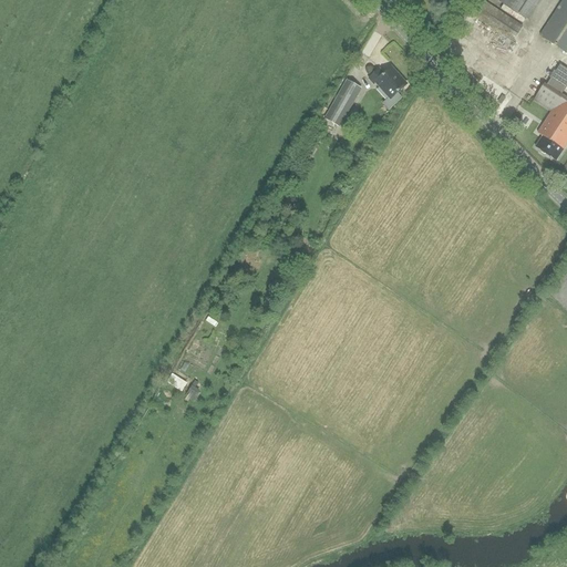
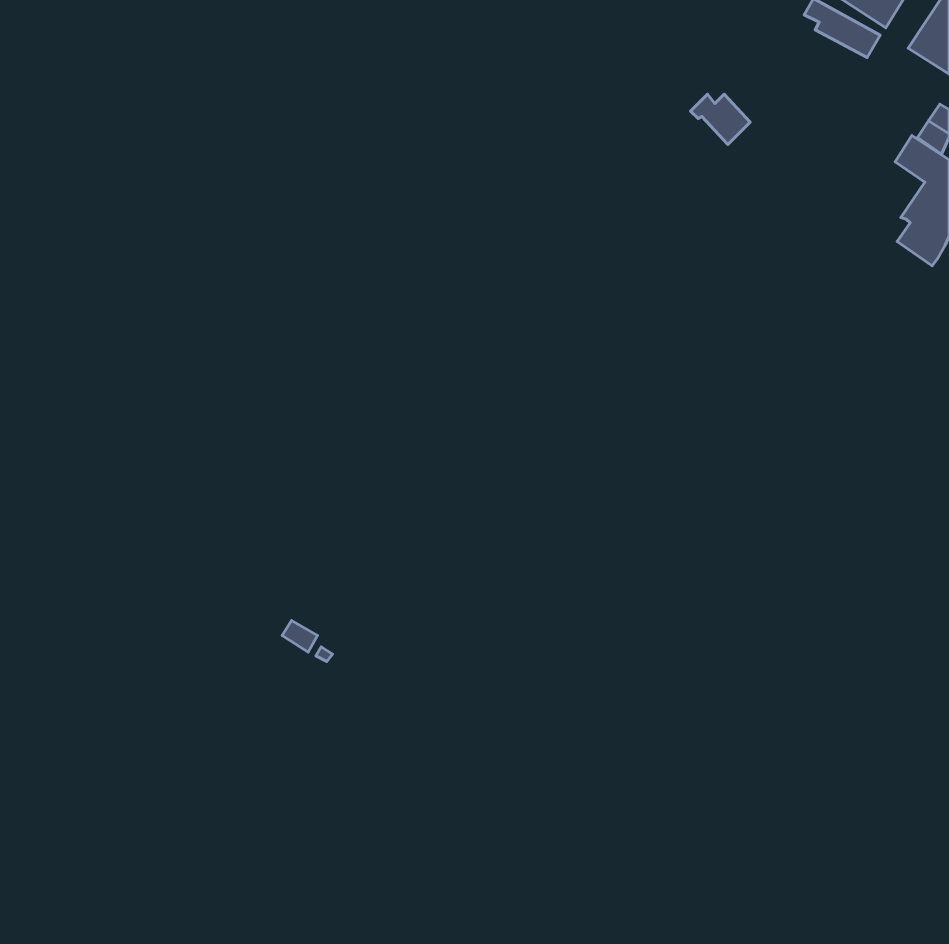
building: [370,65,405,95] -> [691,94,750,145]
building: [324,76,362,124] -> none

